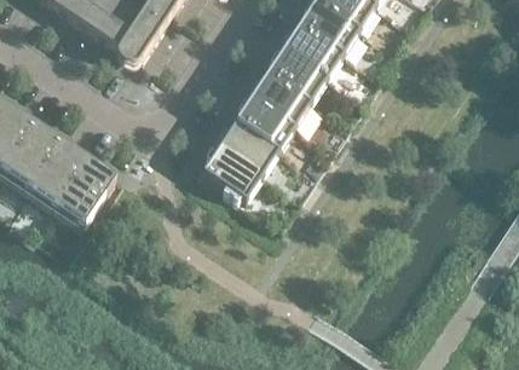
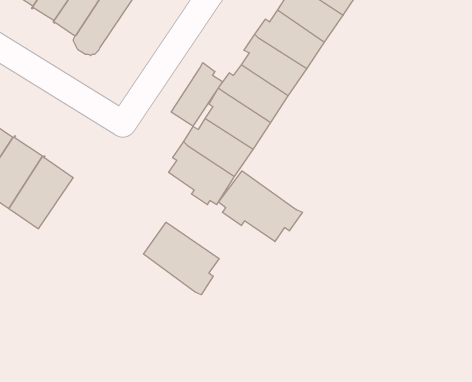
building: none -> [171,63,222,126]
building: none -> [218,171,302,242]
building: none -> [143,222,219,295]

